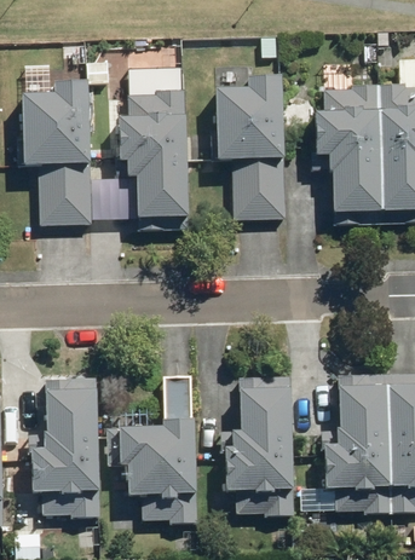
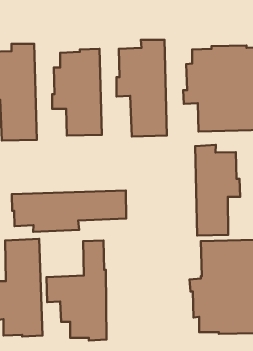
building: none -> [195,145,240,236]
building: none -> [12,190,126,232]
building: [220,376,294,515] -> none

